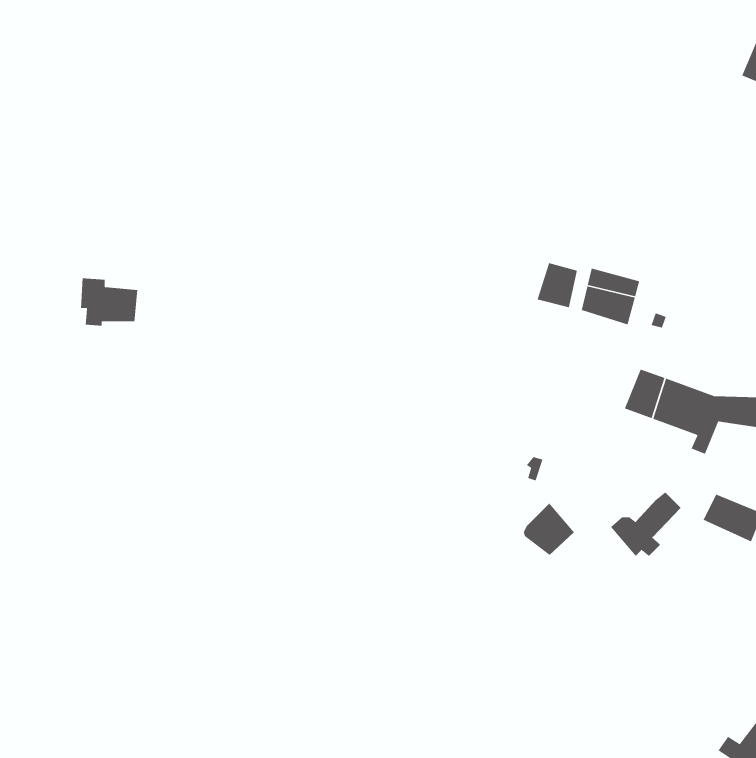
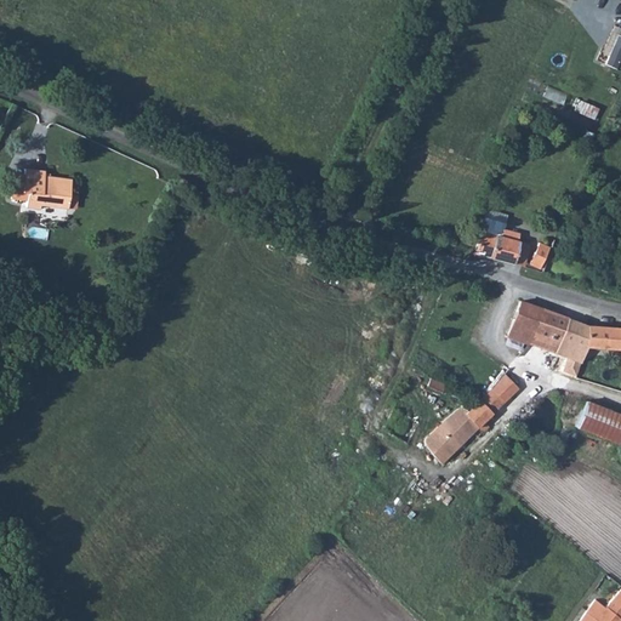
building: [537,262,578,308] -> none
building: [80,278,138,327] -> [24,176,72,216]
building: [610,491,682,557] -> [451,382,509,435]

